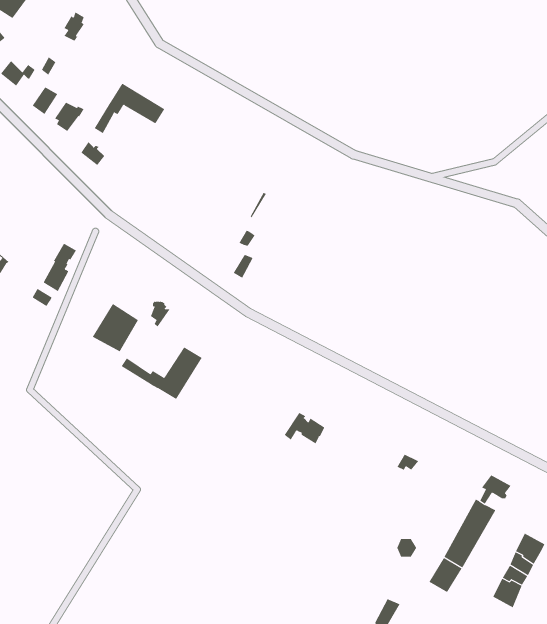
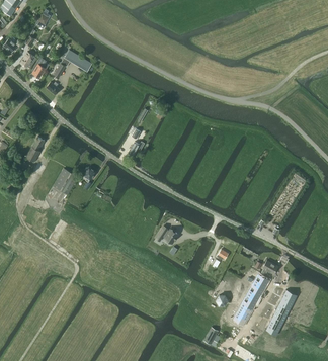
building: [121,346,202,400] -> none

